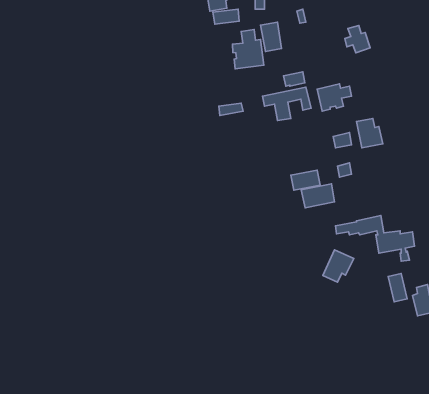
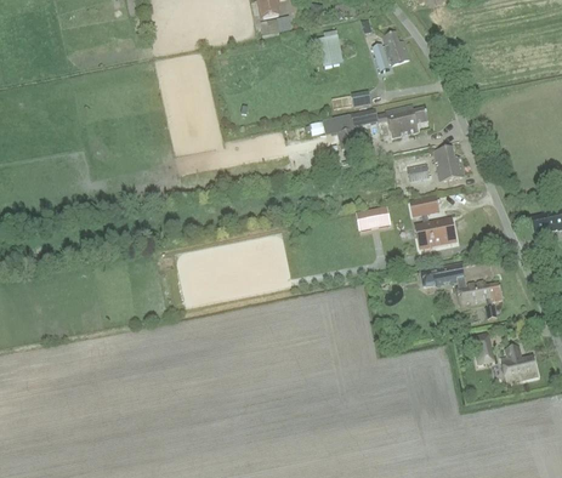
building: [345,25,370,53] -> [379,32,409,64]
building: [232,30,264,69] -> none
building: [301,184,334,208] -> [415,218,455,247]
building: [323,250,354,282] -> none

